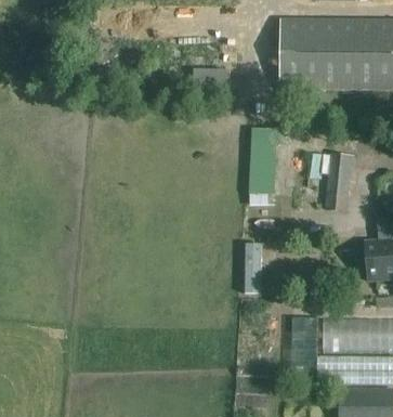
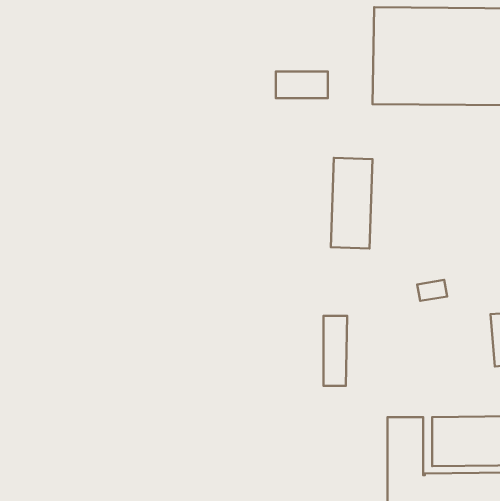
building: [327,152,353,196] -> none

